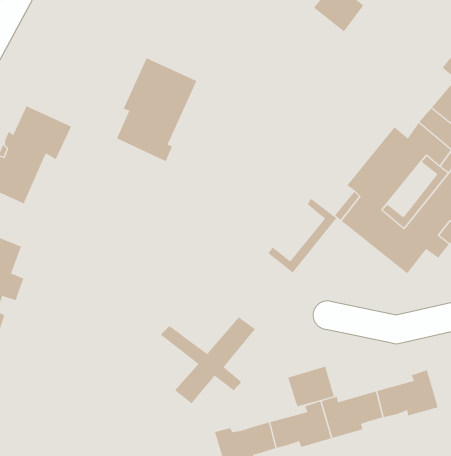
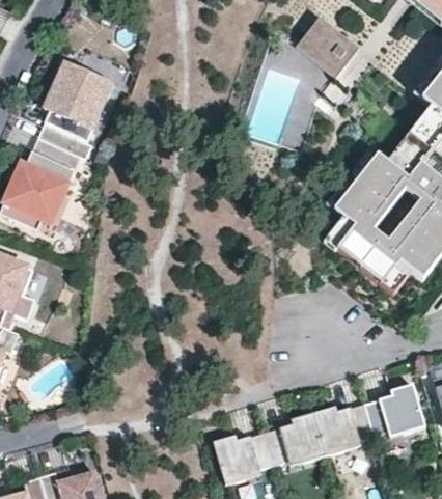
building: [116,58,197,162] -> [37,60,113,158]
building: [267,198,337,273] -> none
building: [160,316,256,404] -> none
building: [287,366,334,407] -> none

